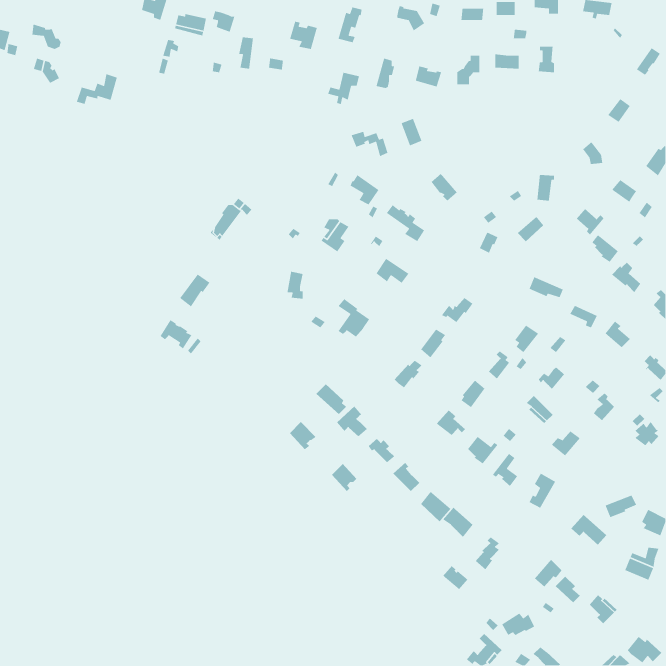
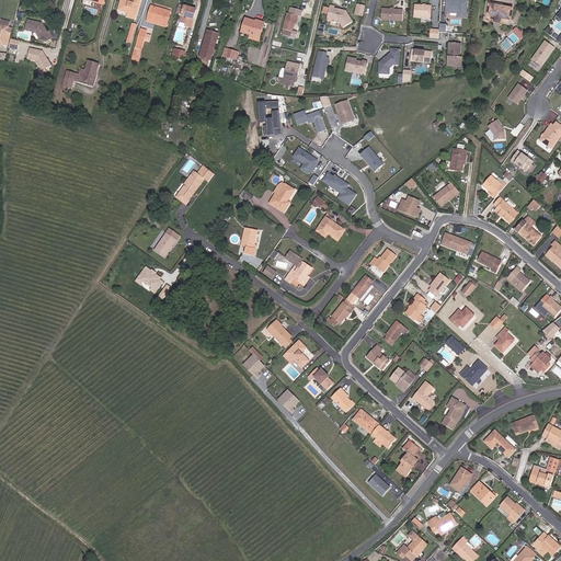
building: none -> [259,99,280,133]

